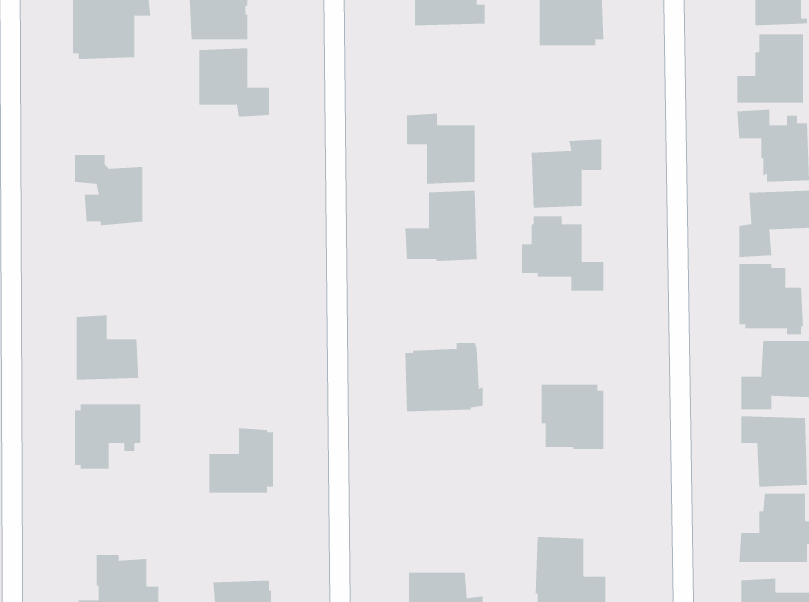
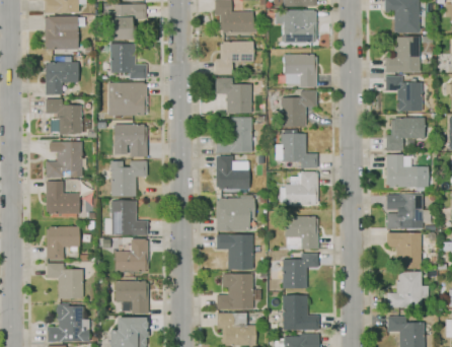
building: none -> [215,42,254,74]
building: none -> [284,54,317,87]
building: none -> [46,62,78,94]
building: none -> [108,82,147,116]
building: none -> [114,124,147,156]
building: none -> [46,141,82,178]
building: none -> [216,156,249,189]
building: none -> [103,160,147,196]
building: none -> [280,171,318,205]
building: none -> [104,201,147,235]
building: none -> [217,234,253,269]
building: none -> [273,253,318,289]
building: none -> [47,263,83,298]
building: none -> [217,274,252,309]
building: none -> [115,281,148,315]

